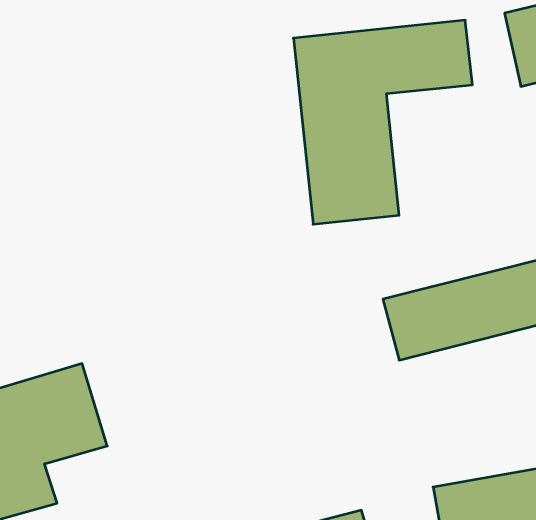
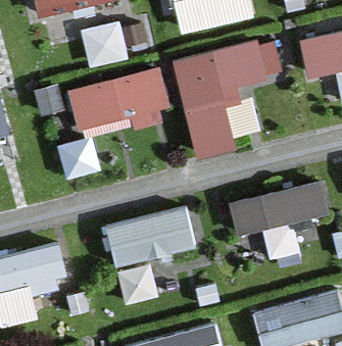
building: none -> [64,61,173,129]
building: none -> [103,203,198,271]

